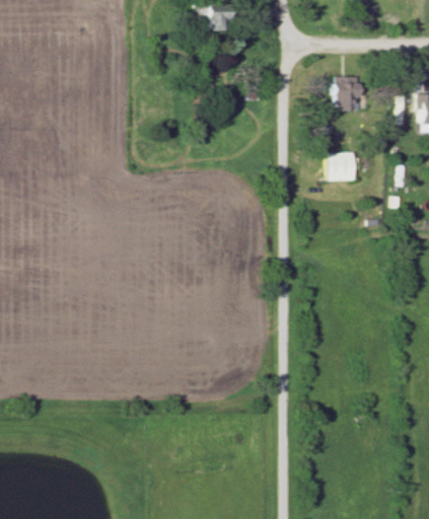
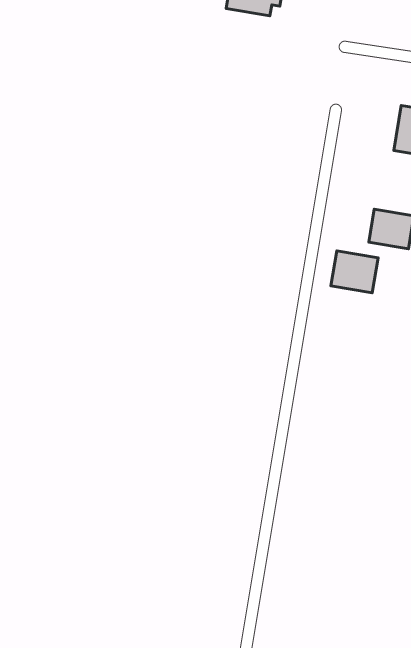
building: none -> [331,251,378,293]

